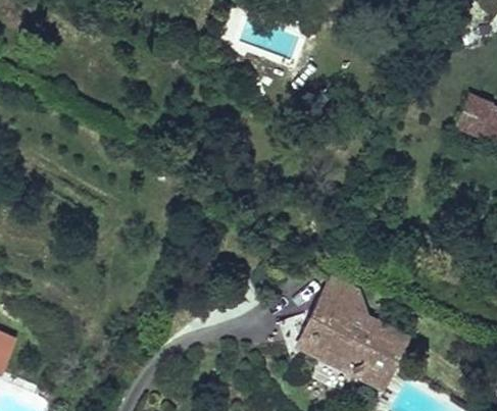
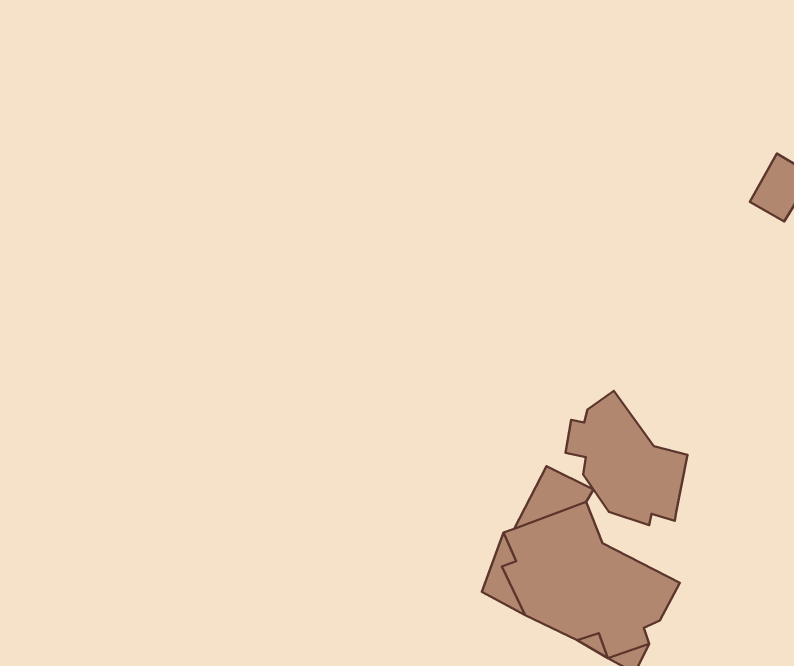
building: none -> [565,391,688,525]

